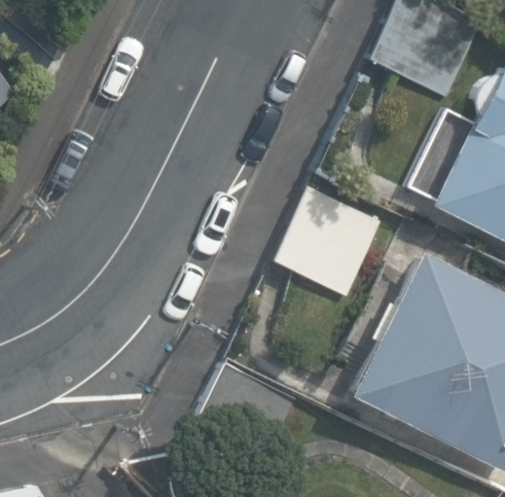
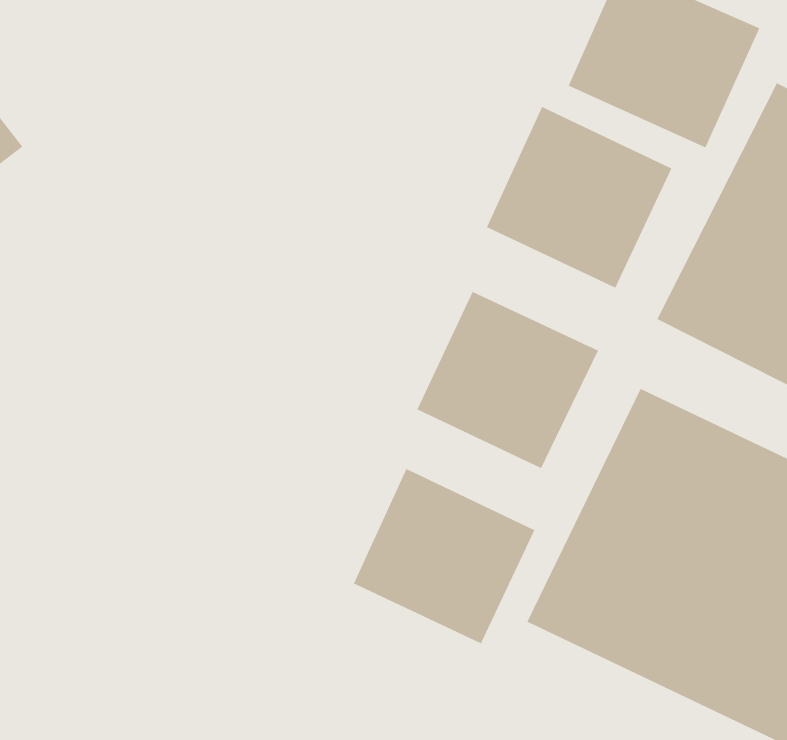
building: none -> [486,106,672,288]
building: none -> [353,468,535,644]

